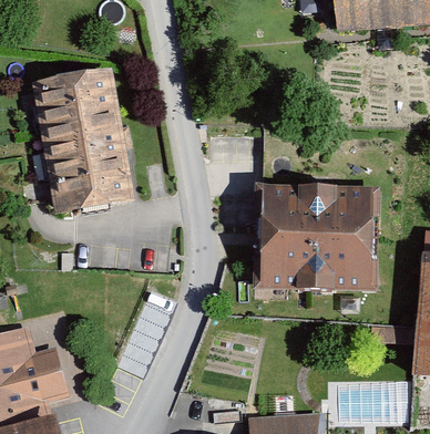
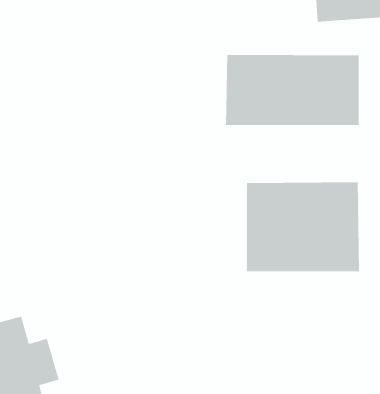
building: none -> [226,54,359,126]
building: [39,71,132,204] -> none

